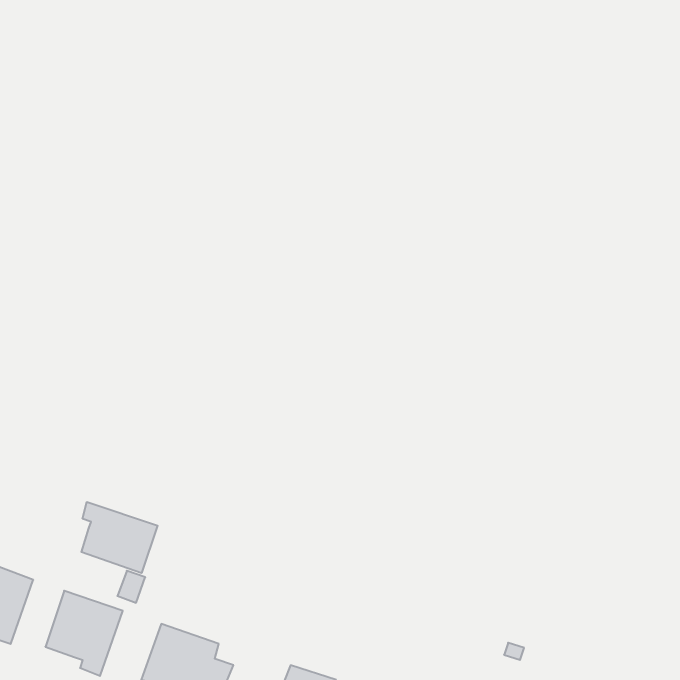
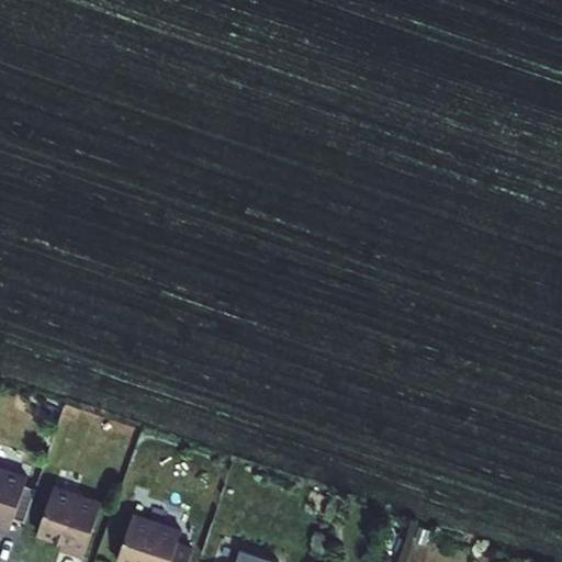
building: [81,502,158,573] -> none

